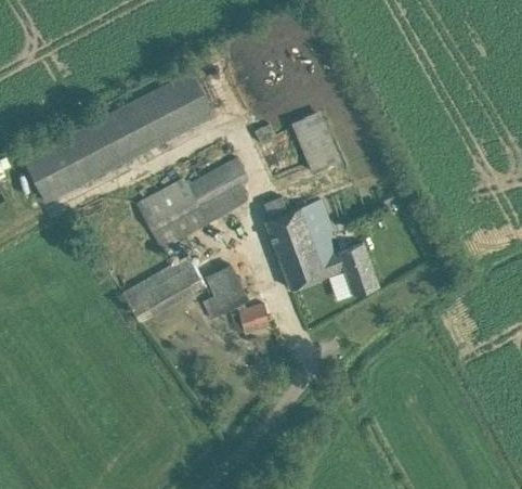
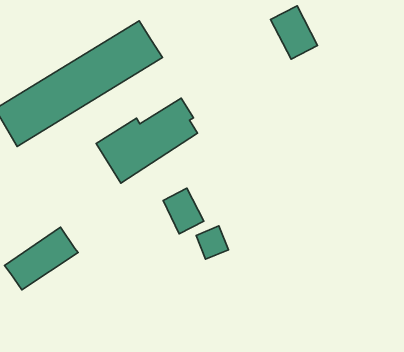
building: [287,113,337,171] -> [271,6,318,59]
building: [265,196,380,299] -> none
building: [125,255,207,321] -> [4,227,78,290]

